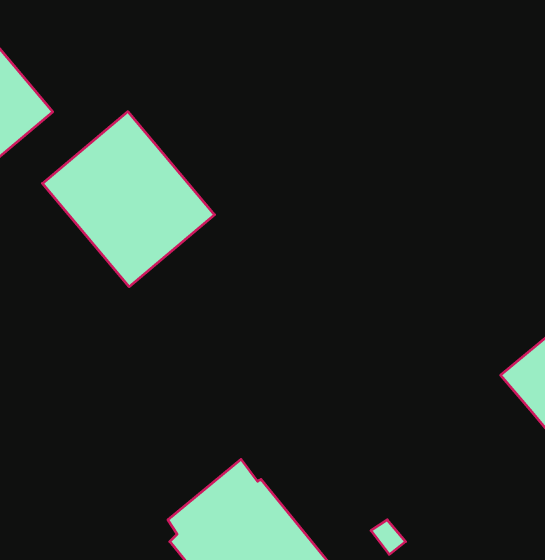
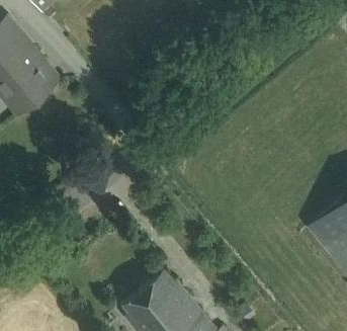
building: [42,112,215,287] -> none

